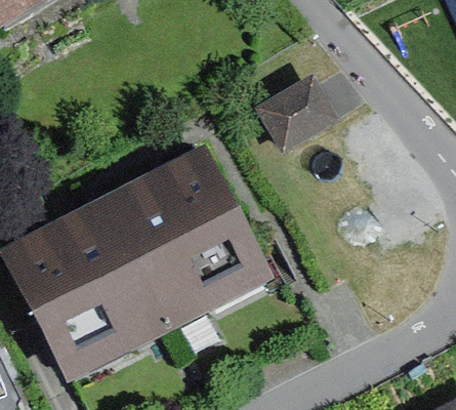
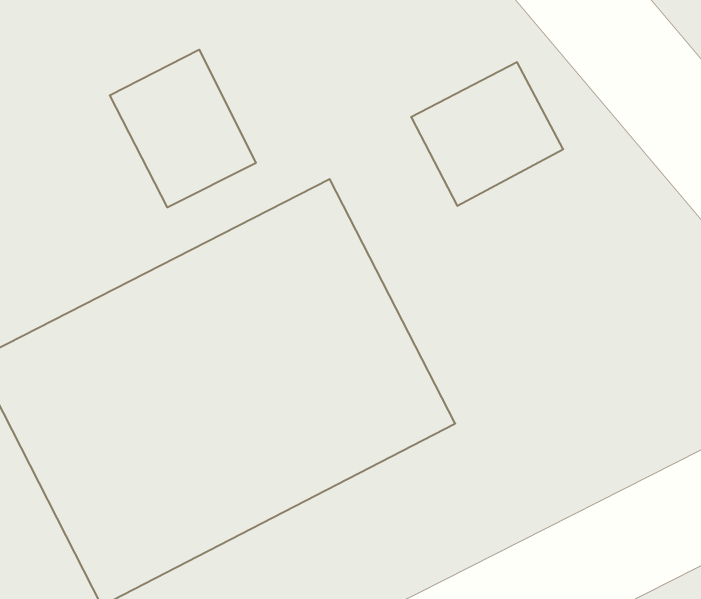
building: none -> [110,50,256,207]

